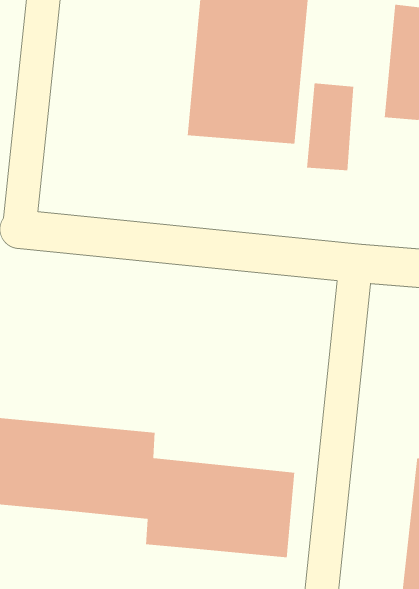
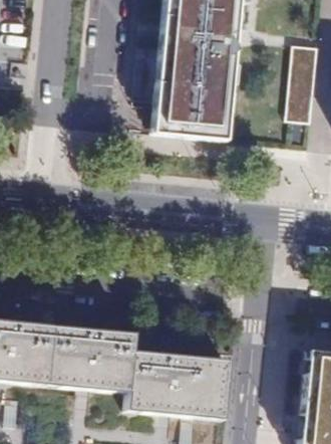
building: [306,82,354,171] -> none

